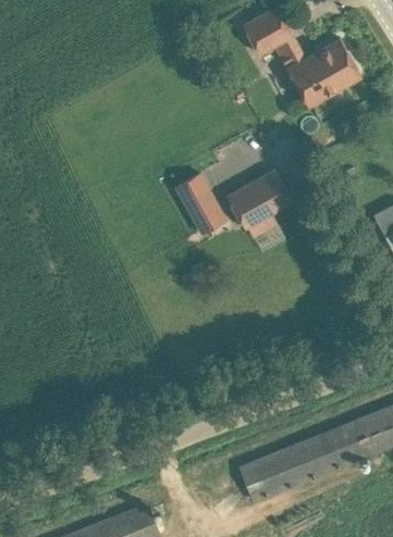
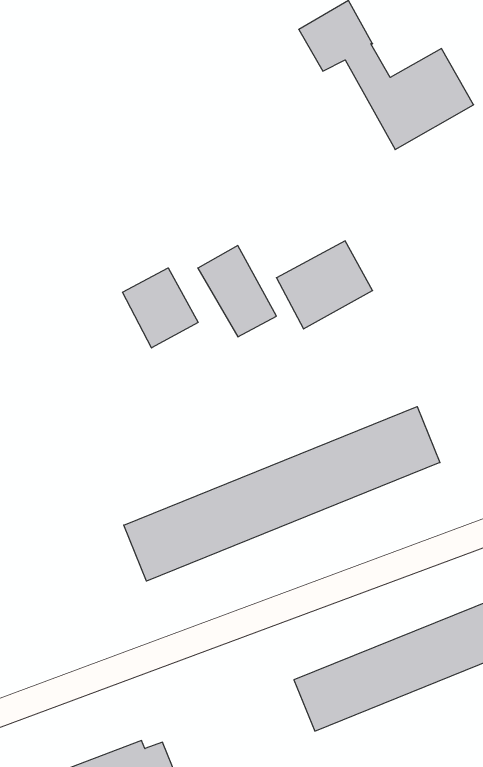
building: none -> [123,268,198,348]
building: none -> [124,407,440,581]

